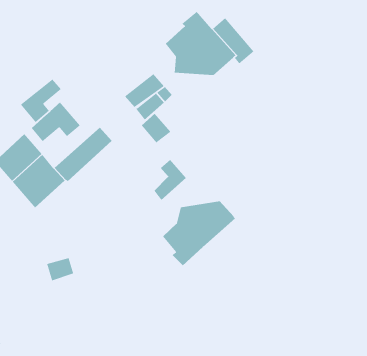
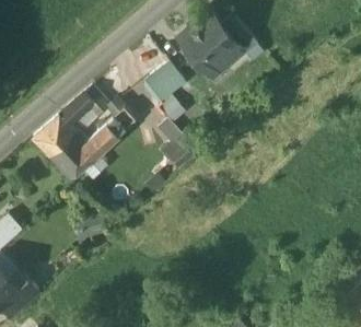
building: [20,79,62,123] -> none
building: [162,201,236,266] -> none

